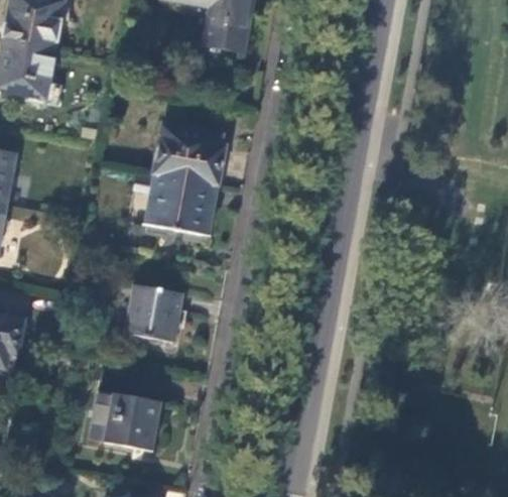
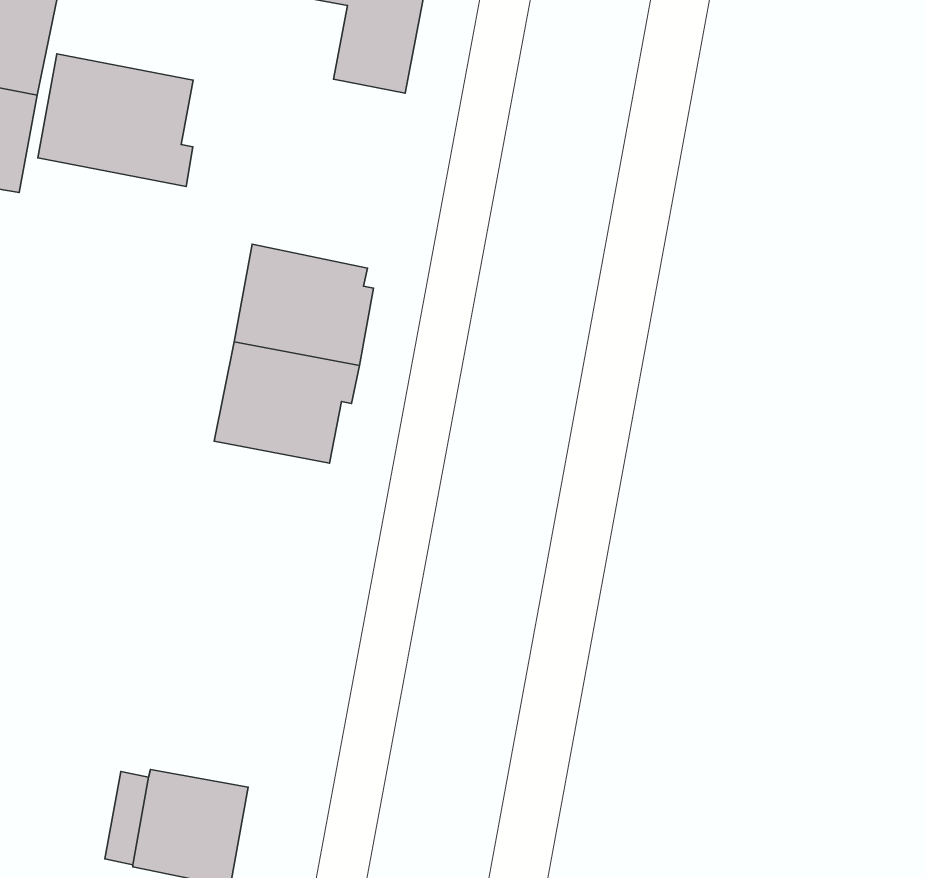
building: none -> [38,54,193,186]
building: [127,285,182,342] -> none

